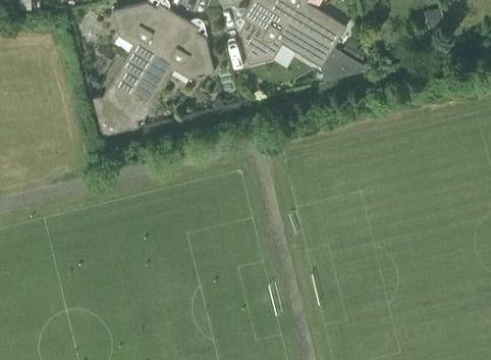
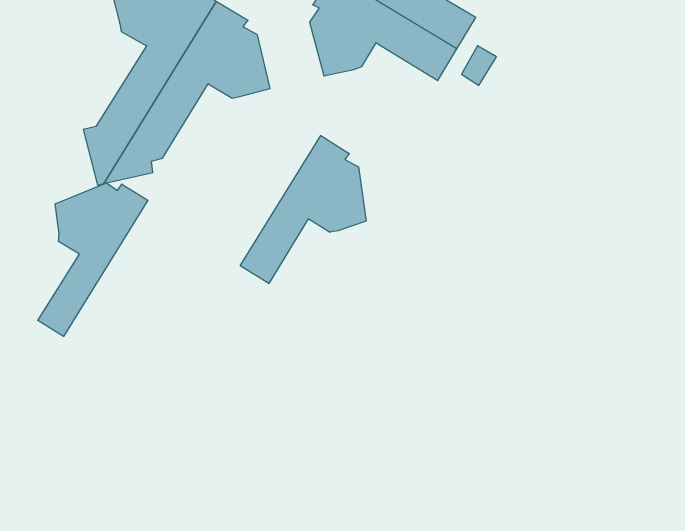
building: none -> [240,136,366,284]
building: none -> [38,183,148,336]

